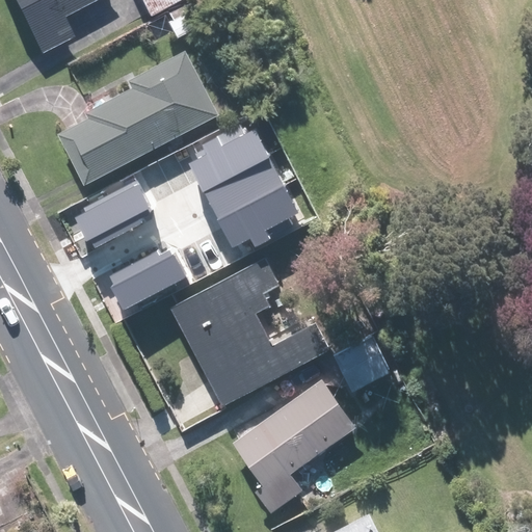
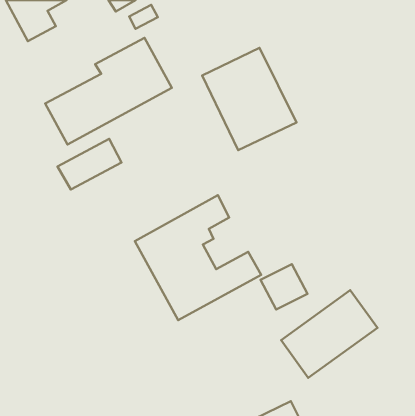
building: [183,118,302,248] -> [202,48,297,150]
building: [107,240,187,308] -> none
building: [233,380,354,491] -> [281,290,377,378]

